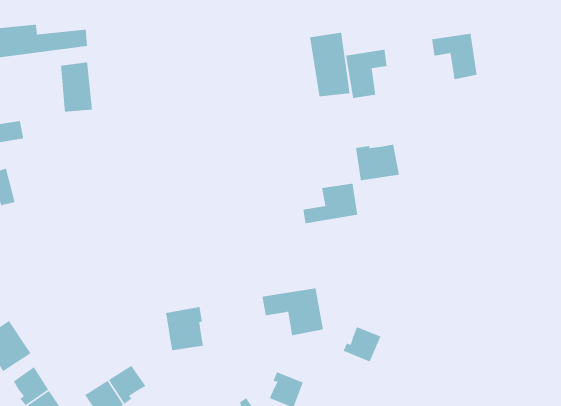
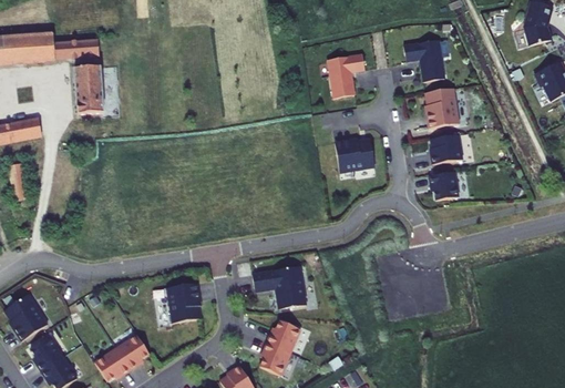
building: [309,32,351,97] -> none
building: none -> [424,88,458,127]
building: none -> [429,134,461,164]
building: none -> [428,171,458,200]
building: [303,183,358,224] -> none
building: [343,326,381,363] -> [265,318,299,350]

